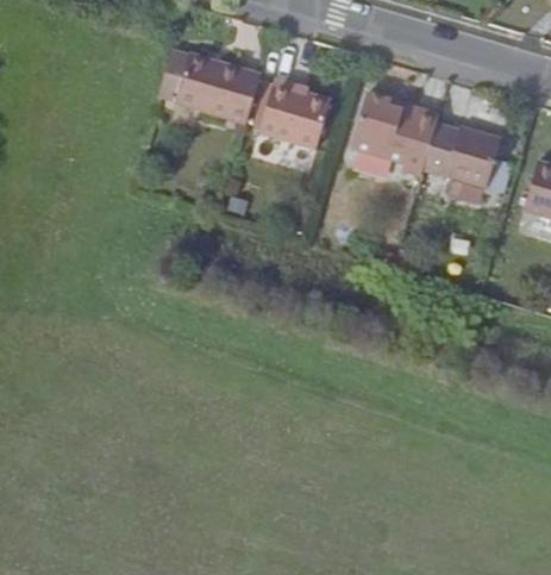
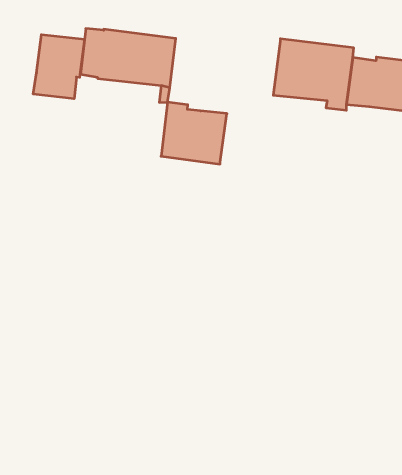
building: none -> [33,35,85,99]
building: [259,77,333,149] -> [161,102,227,164]

